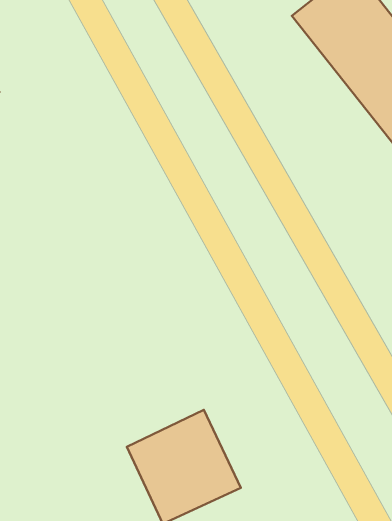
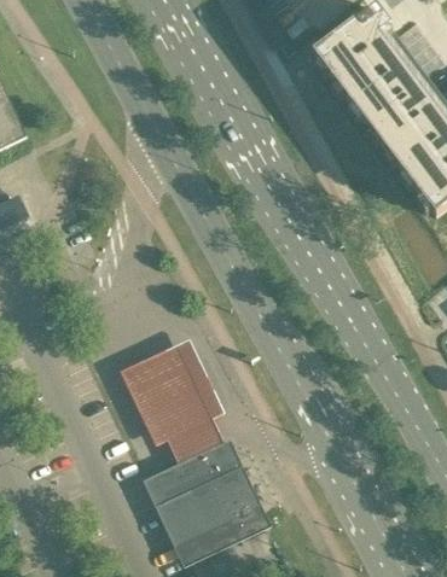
building: none -> [117,334,220,457]

